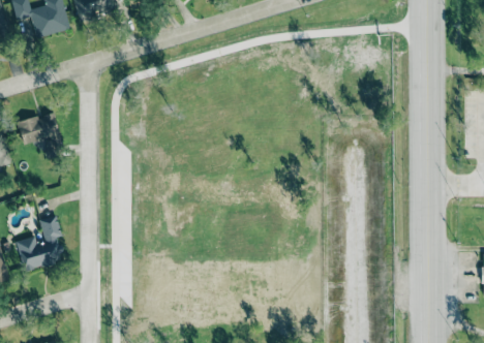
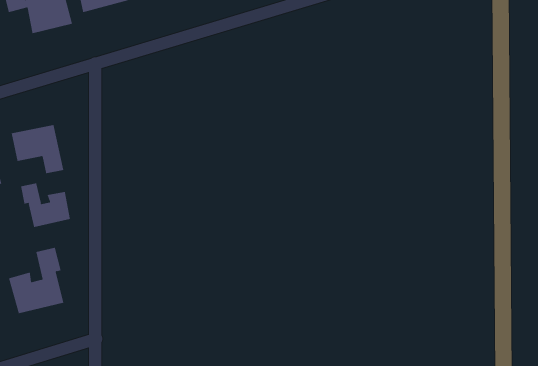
building: none -> [20,182,71,228]

